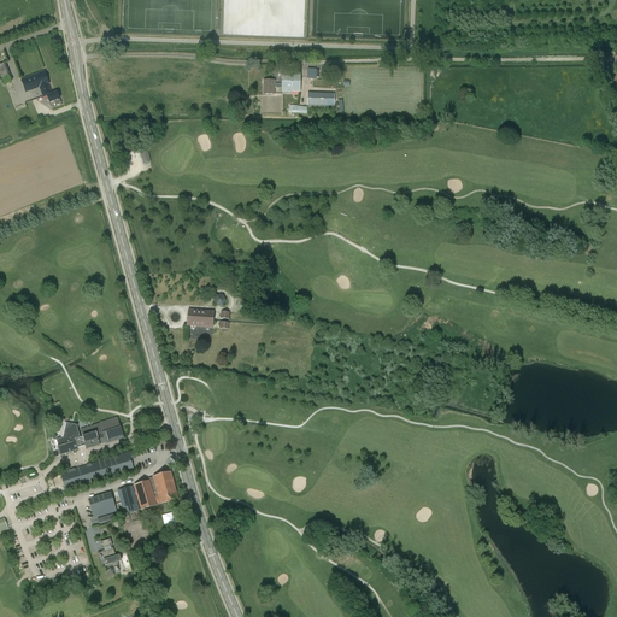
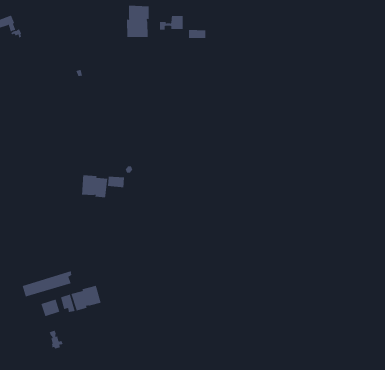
building: none -> [127,5,149,38]
building: none -> [81,175,108,198]
building: [55,417,122,454] -> none

